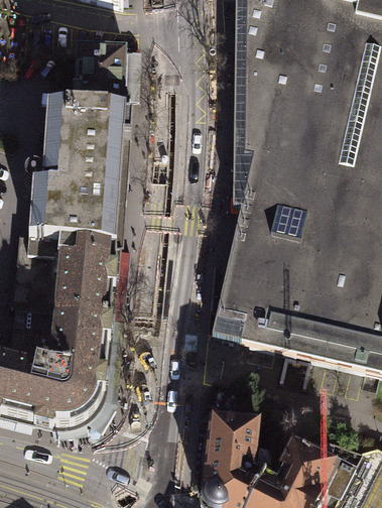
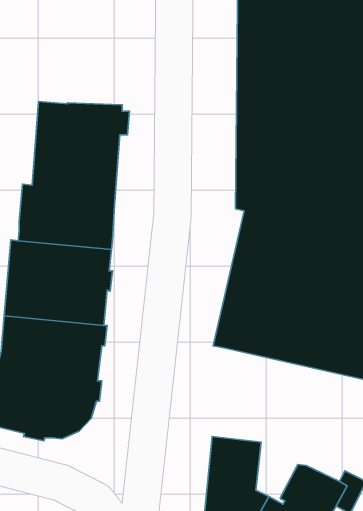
building: [76,44,131,105] -> none

